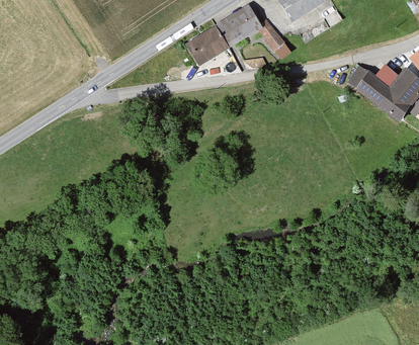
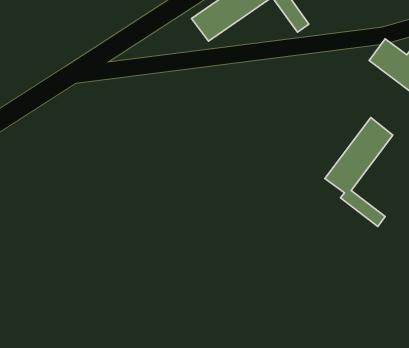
building: none -> [325,117,393,226]

